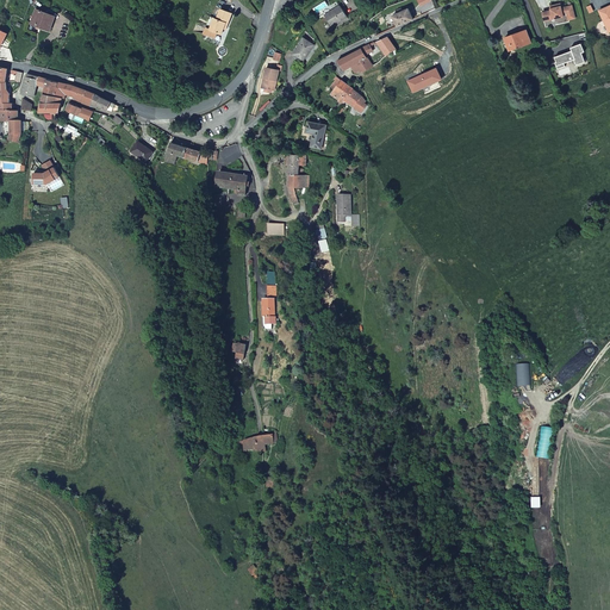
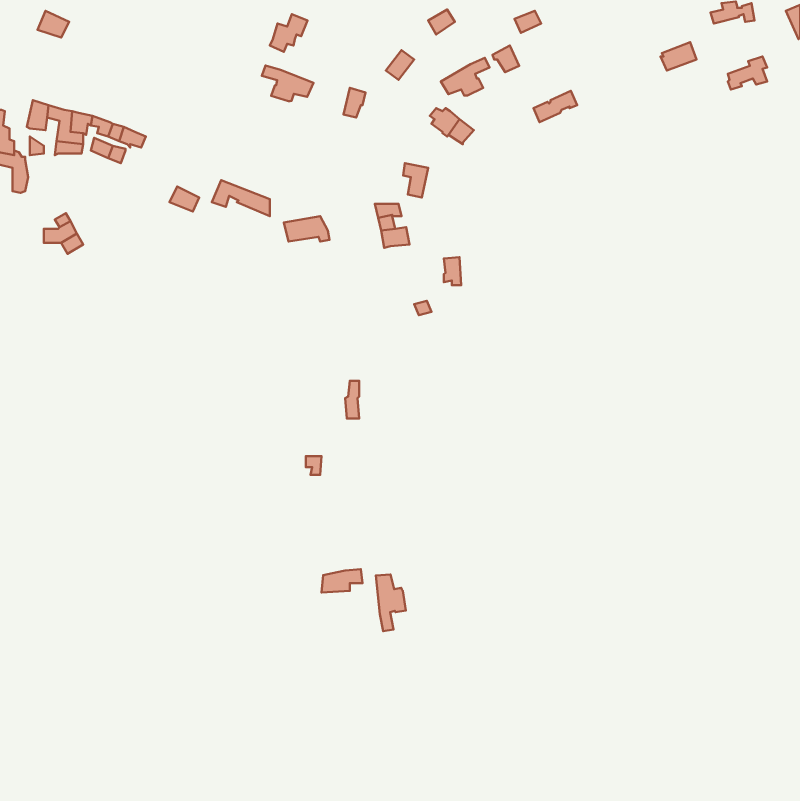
building: none -> [262,65,313,101]
building: none -> [376,574,406,631]

